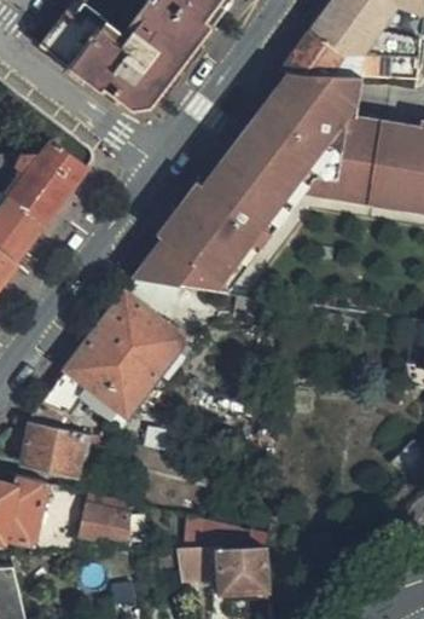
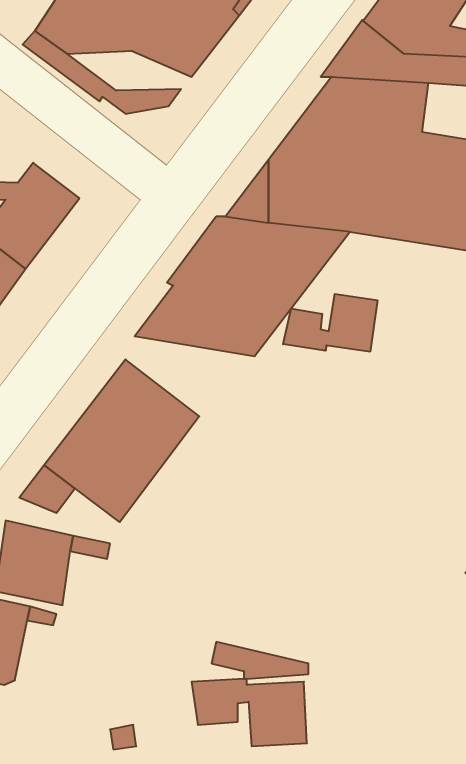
building: [79,51,176,82] -> none
building: none -> [283,294,377,352]
building: [79,501,128,539] -> none

